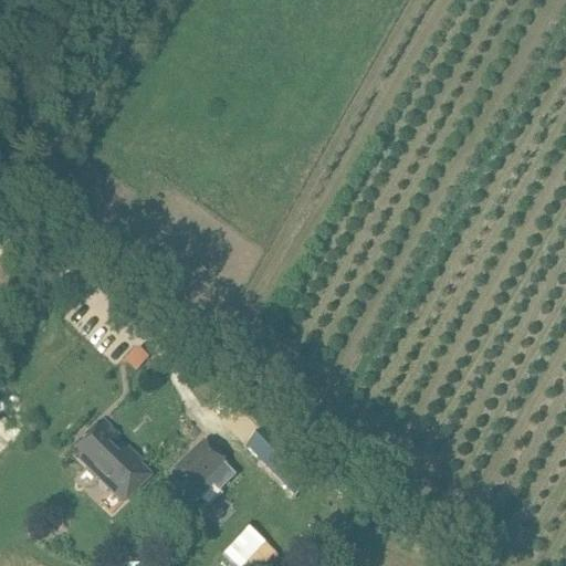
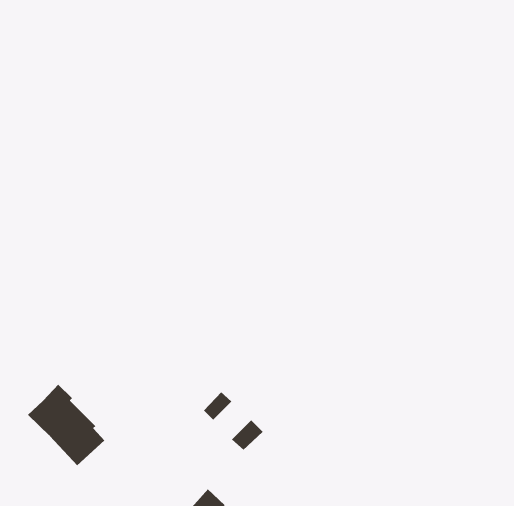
building: [176,439,235,489] -> none

